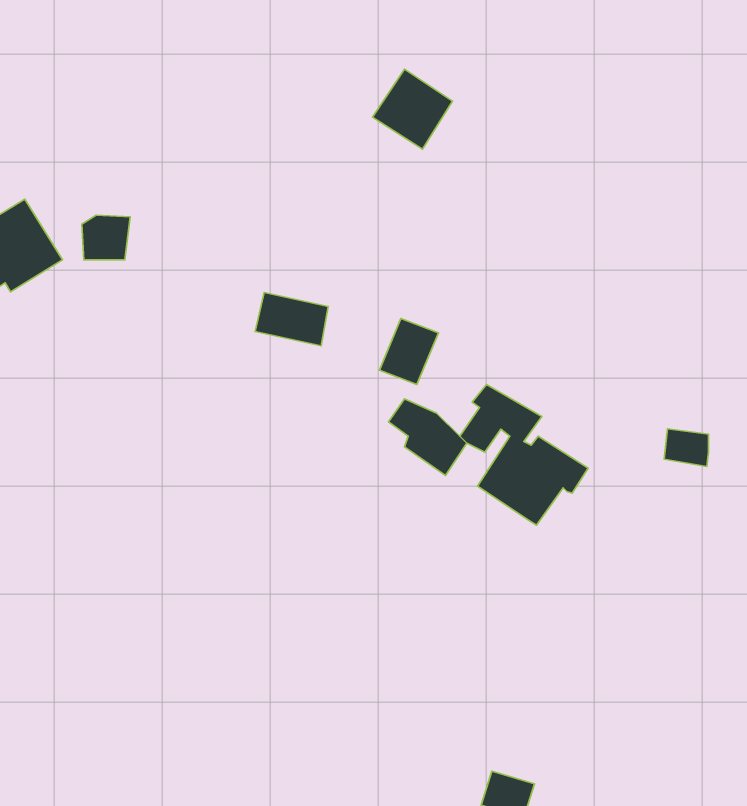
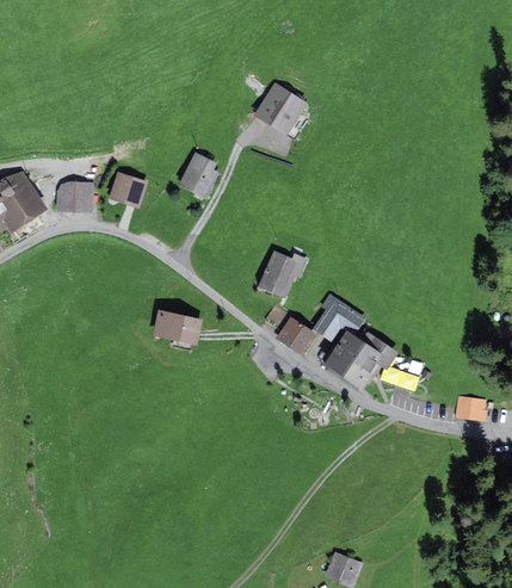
building: none -> [178,151,217,198]
building: none -> [109,172,146,208]
building: [255,292,328,346] -> [152,309,201,345]
building: [664,429,709,466] -> [455,395,485,420]

